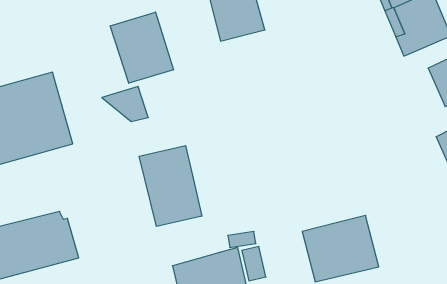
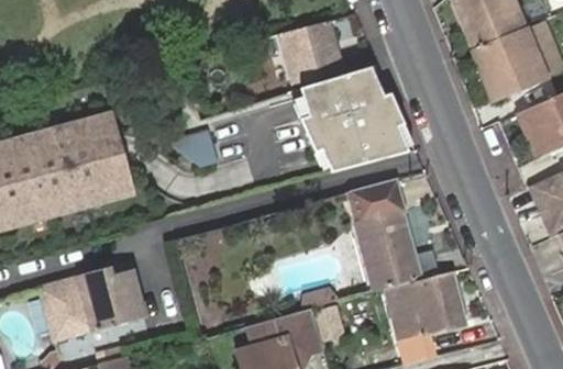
building: [110,12,173,83] -> none
building: none -> [294,65,417,174]
building: none -> [350,177,422,288]
building: [139,146,202,226] -> none

